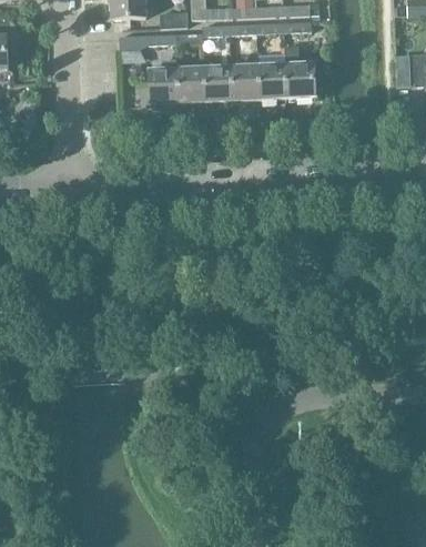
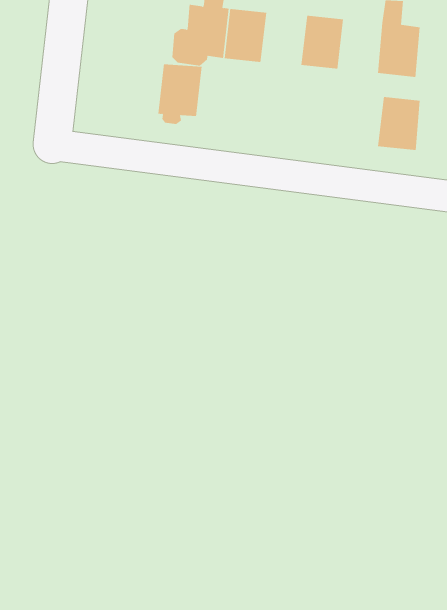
building: [257,62,286,99] -> [377,96,421,151]
building: [203,64,232,108] -> [157,64,203,125]

